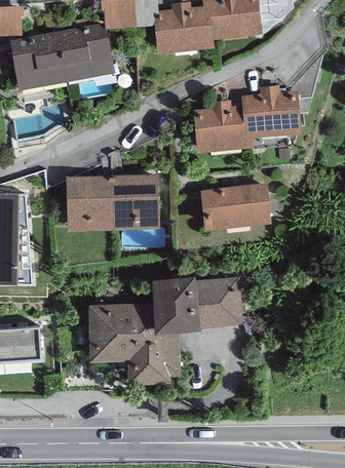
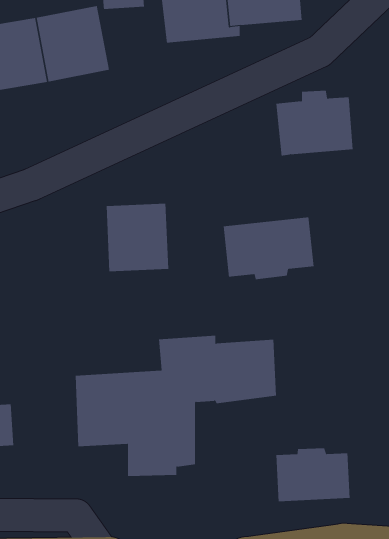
building: [194,103,253,154] -> none
building: [65,177,113,229] -> none
building: none -> [276,448,350,502]

